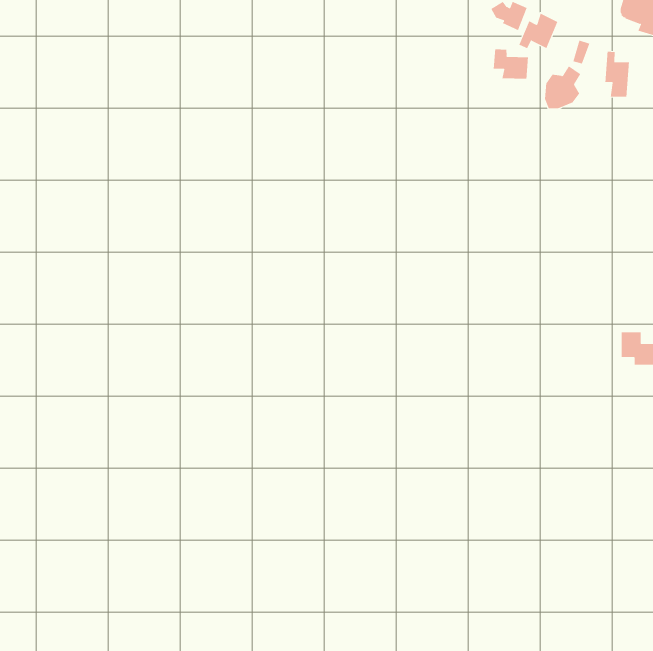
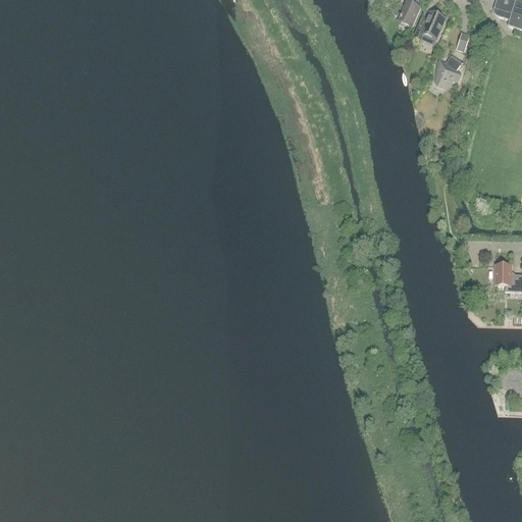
building: [493,48,528,80] -> none
building: [605,51,629,97] -> none

